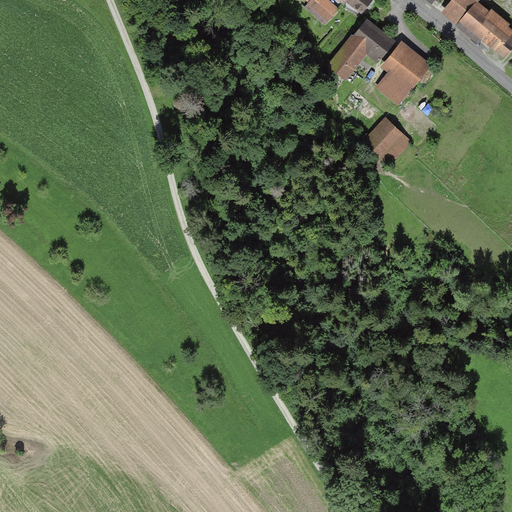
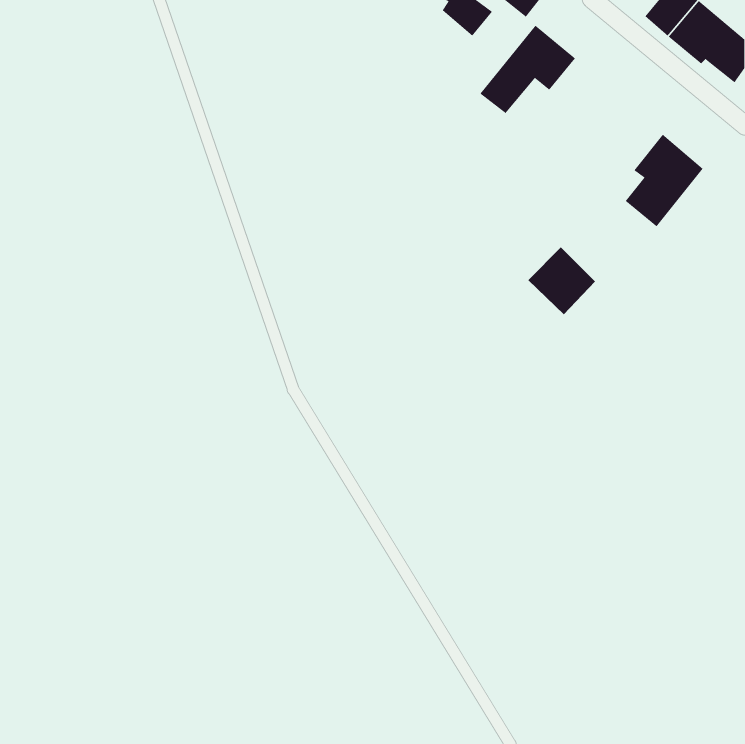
building: [377,40,431,104] -> [625,134,703,227]
building: [363,117,410,164] -> [527,247,596,315]

